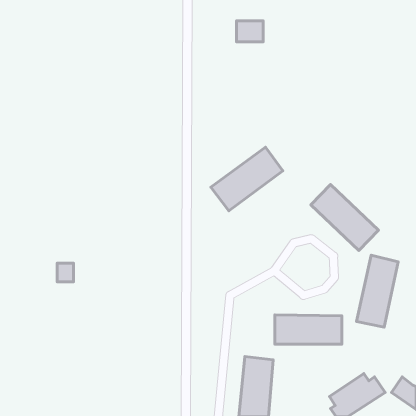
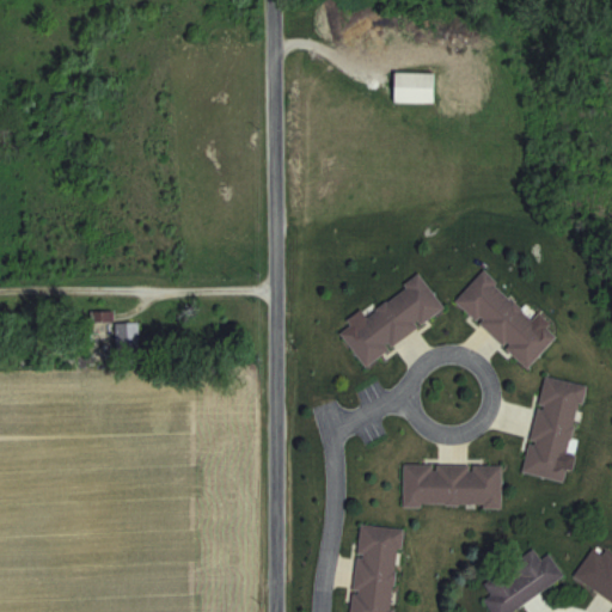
building: [236,21,263,42] -> [394,73,434,104]
building: [211,147,283,211] -> [339,275,445,368]
building: [57,263,73,282] -> [115,323,139,350]

